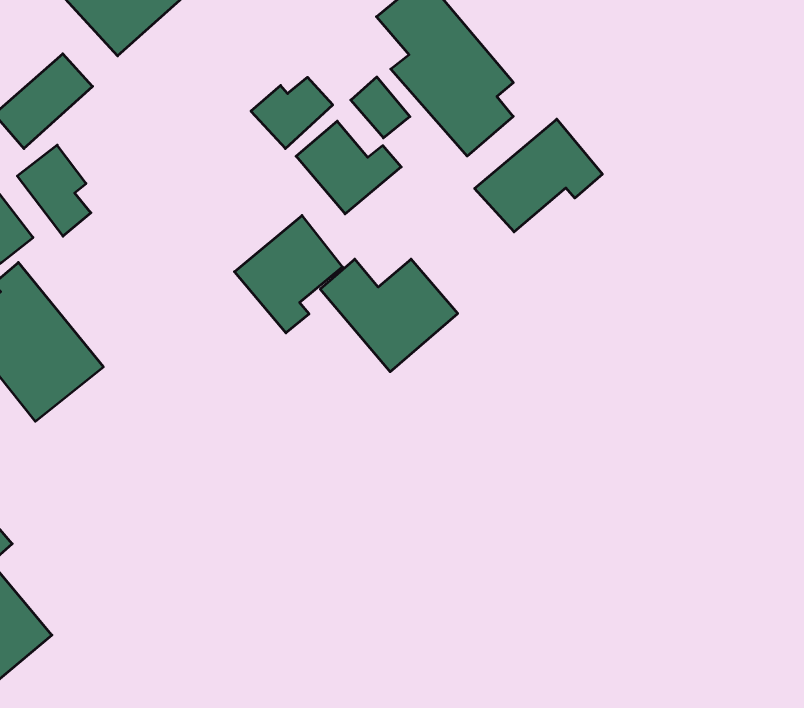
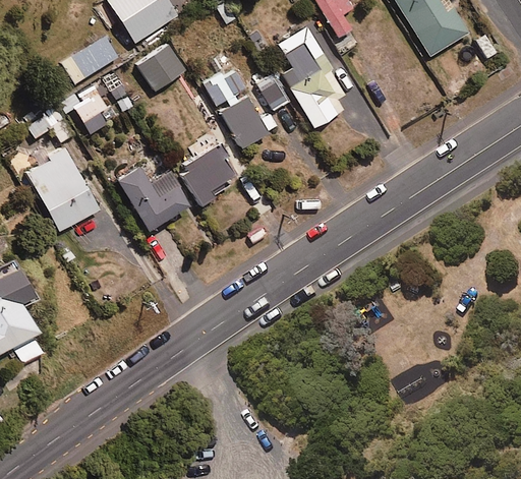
building: none -> [136,45,185,91]
building: [475,119,602,232] -> none
building: [320,259,458,372] -> [117,167,189,231]

